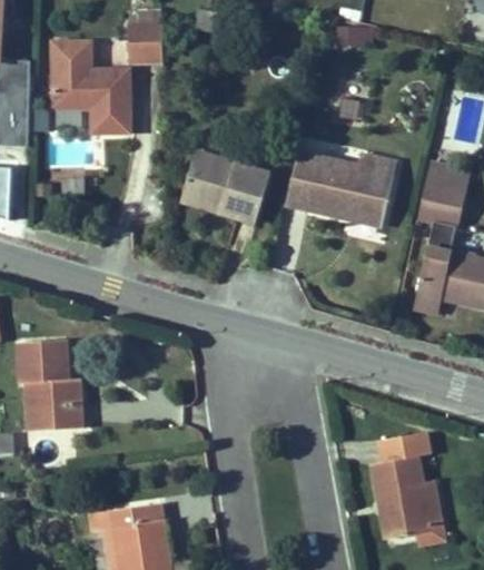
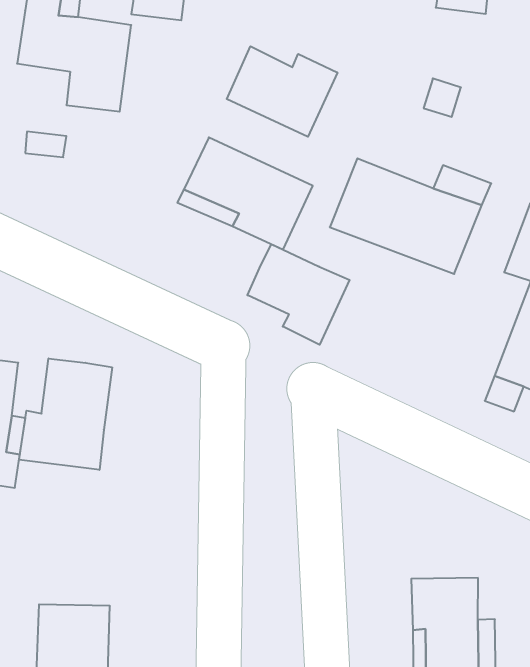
building: none -> [227,46,337,137]
building: none -> [247,244,350,345]
building: none -> [19,358,112,470]

